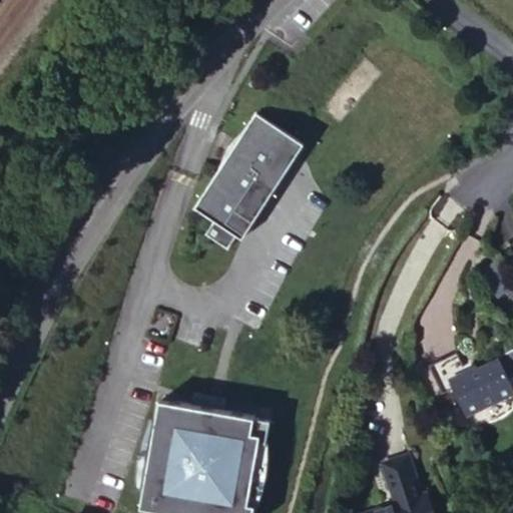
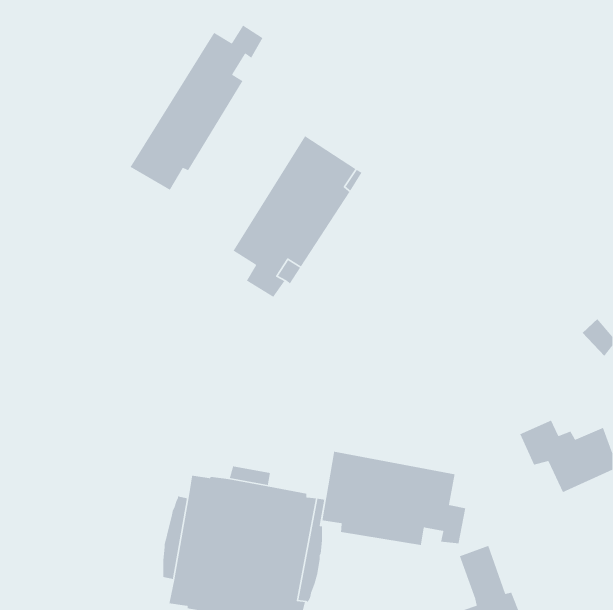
building: none -> [130,24,264,191]
building: none -> [321,451,466,546]

